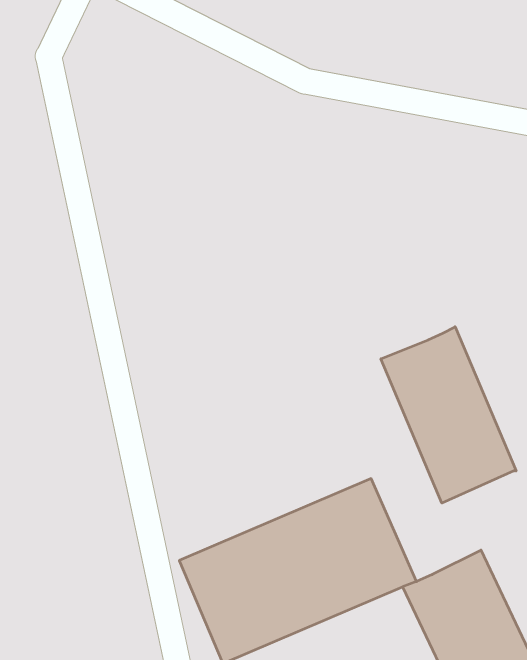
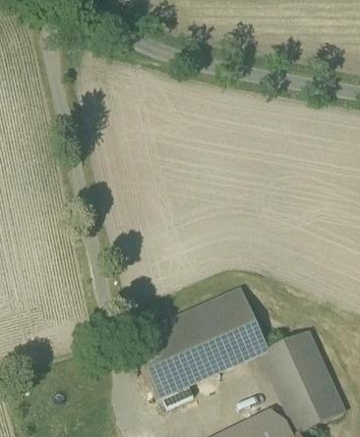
building: [381,327,516,503] -> none

